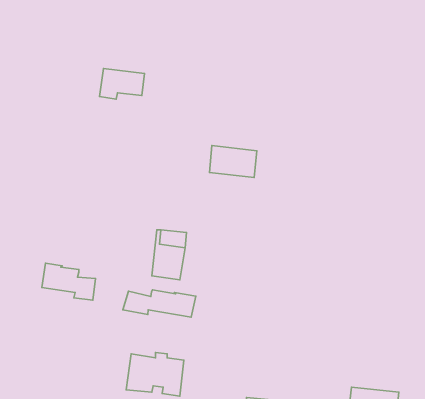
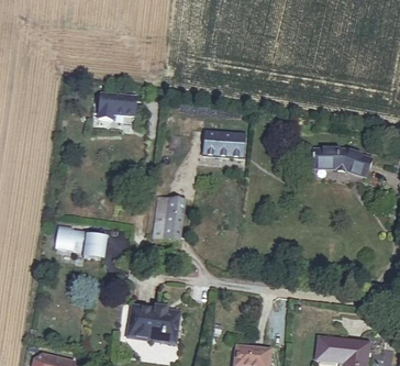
building: [100,69,144,99] -> [102,96,141,122]
building: none -> [318,149,375,173]
building: [123,290,196,317] -> none

